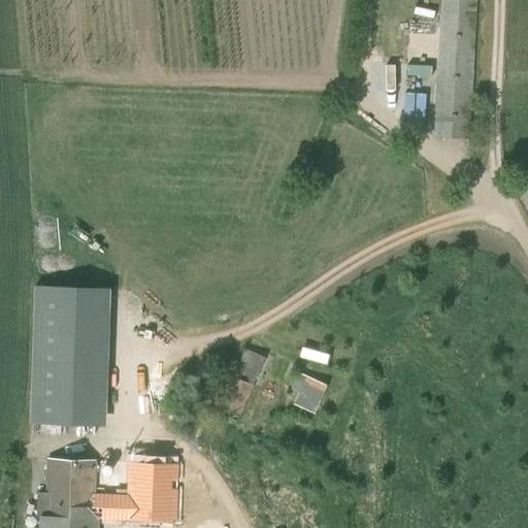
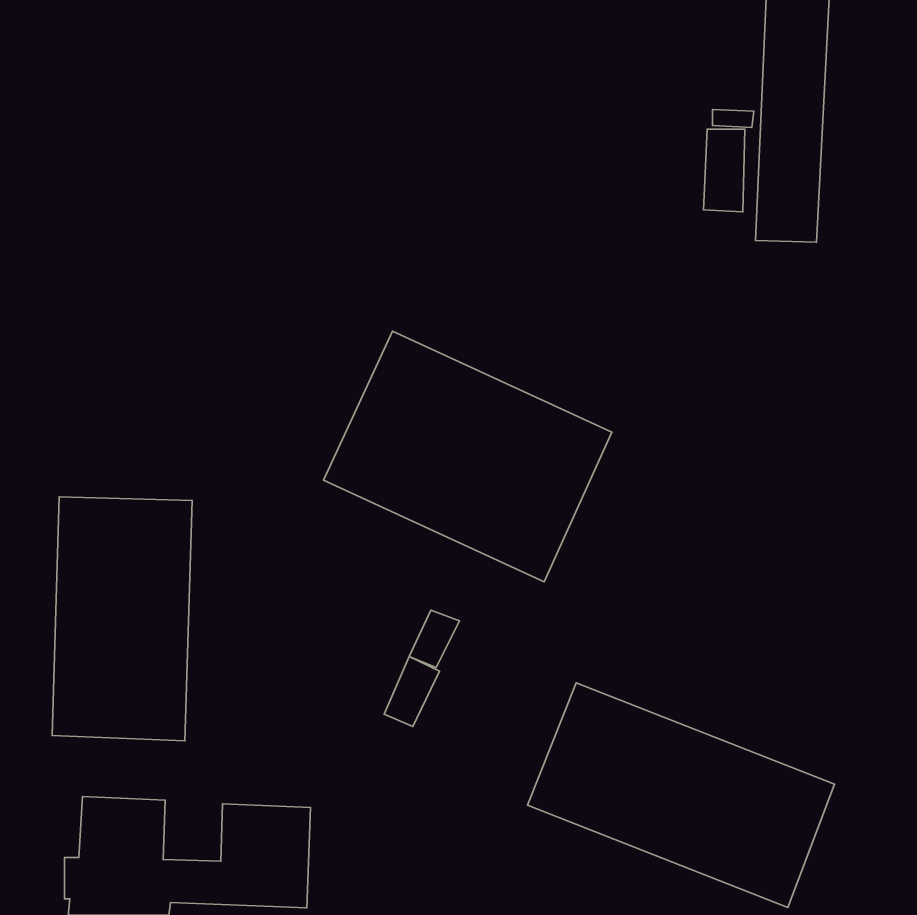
building: none -> [324,331,612,582]
building: [292,370,329,411] -> none
building: none -> [528,683,835,907]

